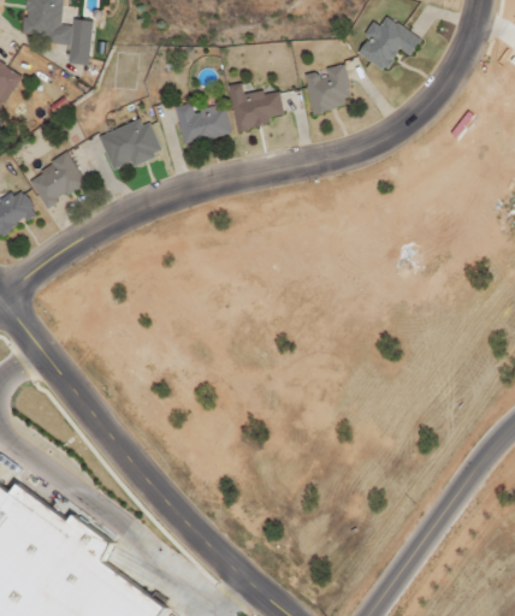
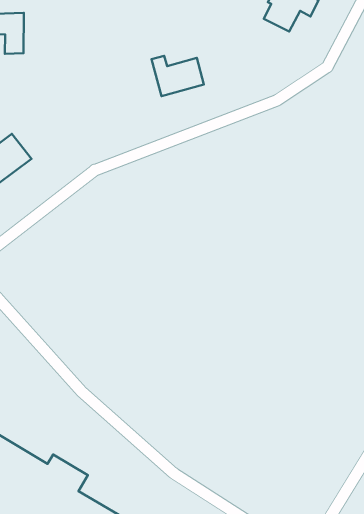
building: [303,66,349,113] -> none
building: [174,103,230,144] -> none
building: [96,120,159,172] -> none

